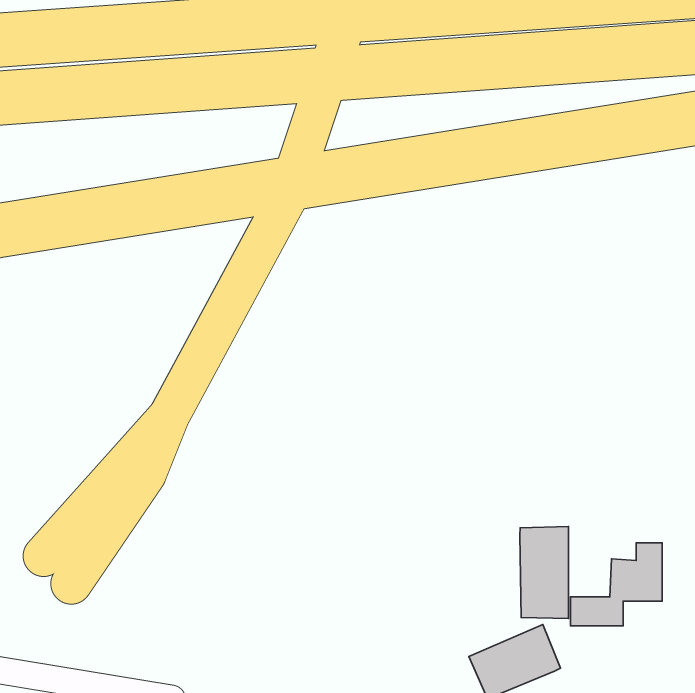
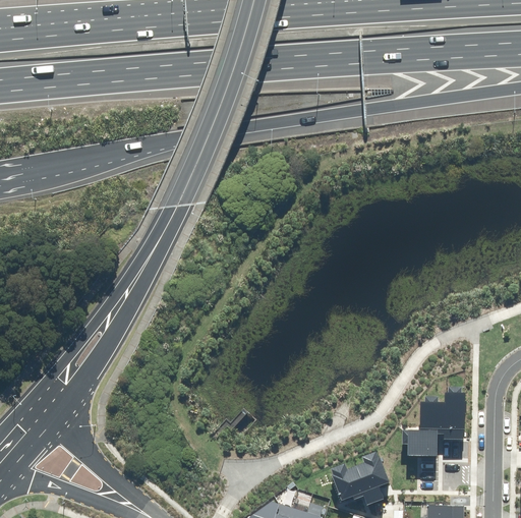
building: [520,526,568,618] -> none

